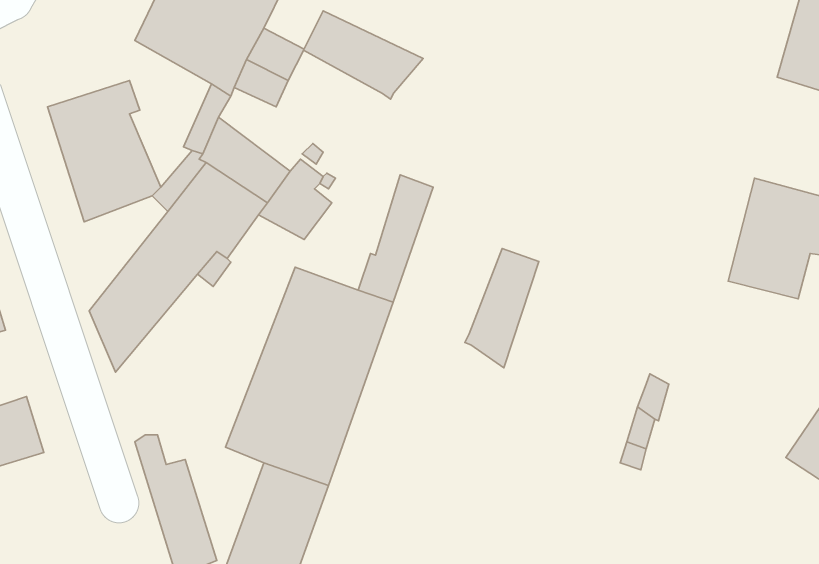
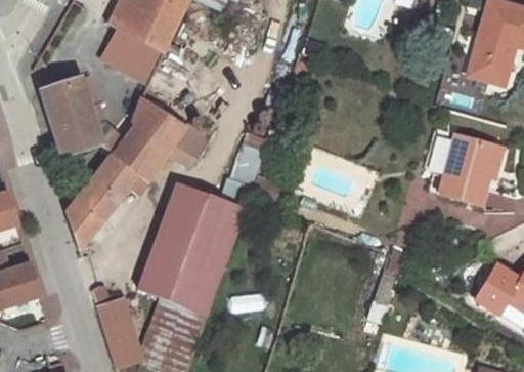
building: [304,11,423,99] -> none
building: [465,249,539,368] -> none

